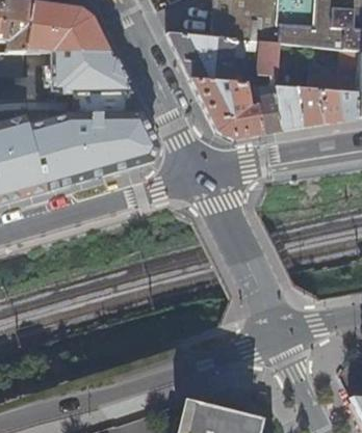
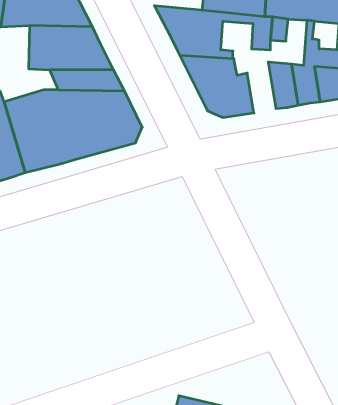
building: [252,82,281,132] -> none

